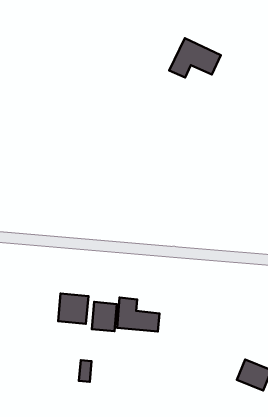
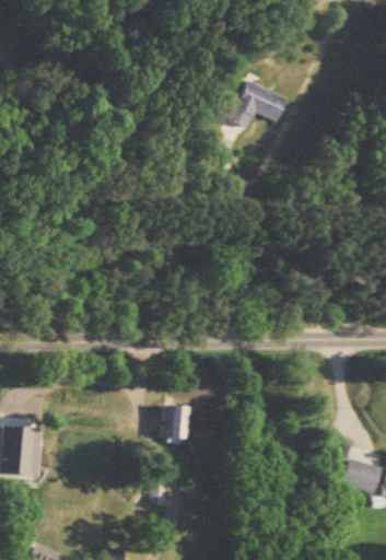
building: [58,294,88,324] -> none
building: [117,297,160,332] -> none

